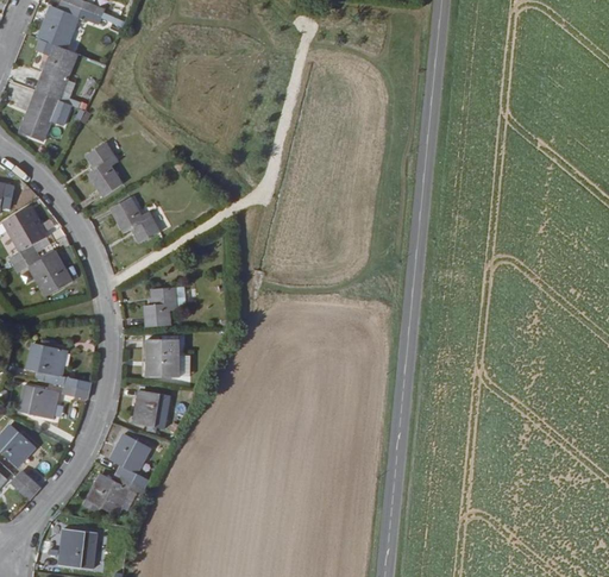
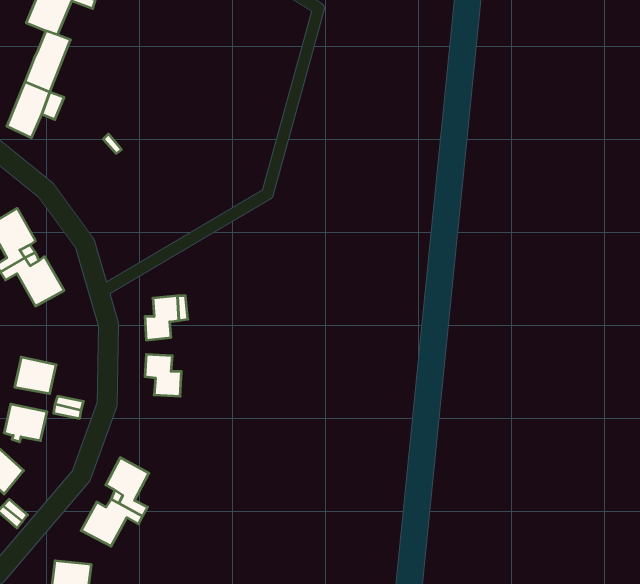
building: [84,143,121,196] -> none
building: [109,197,159,243] -> none
building: [133,389,170,432] -> none

